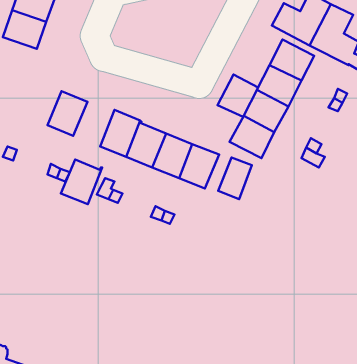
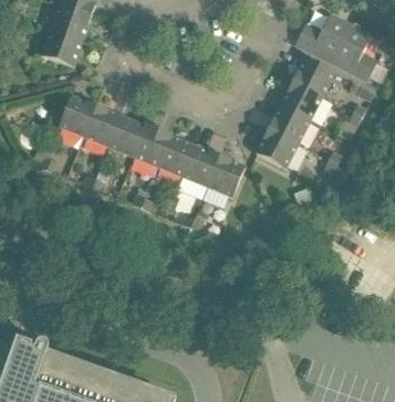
building: [218,74,258,117] -> none
building: none -> [58,96,96,138]
building: [218,157,252,199] -> none
building: [61,159,102,204] -> [107,116,146,158]

